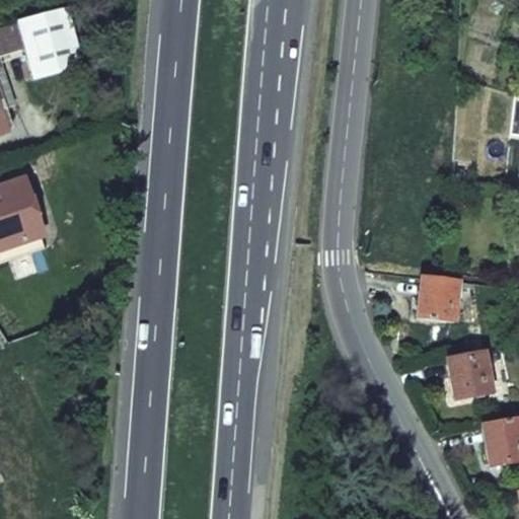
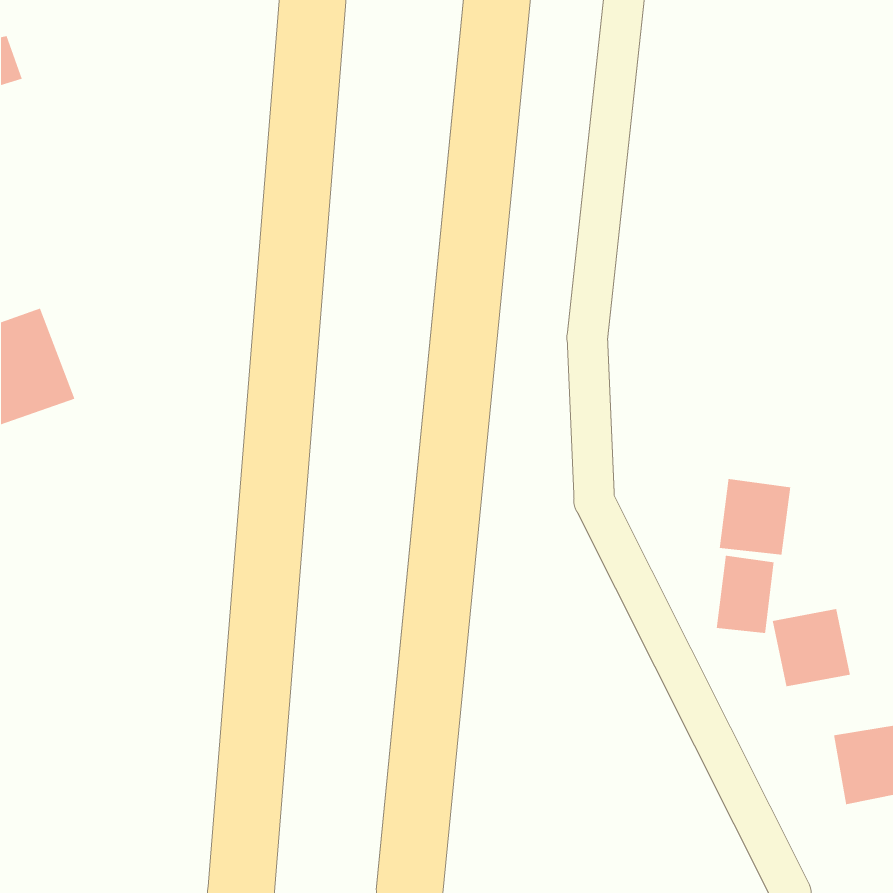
building: [14,5,82,77] -> none
building: none -> [716,555,775,634]

